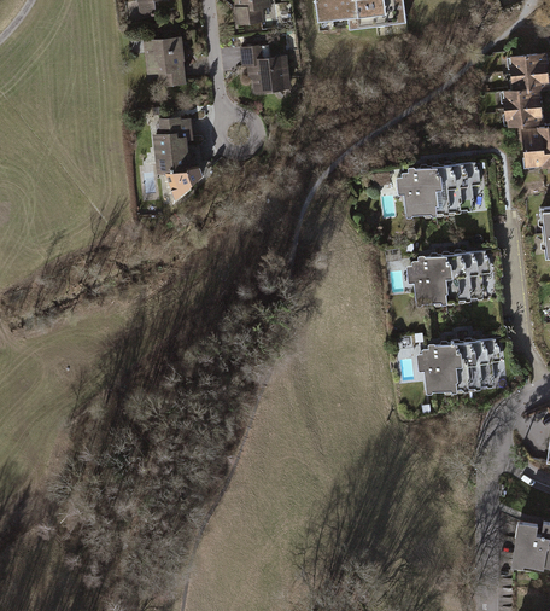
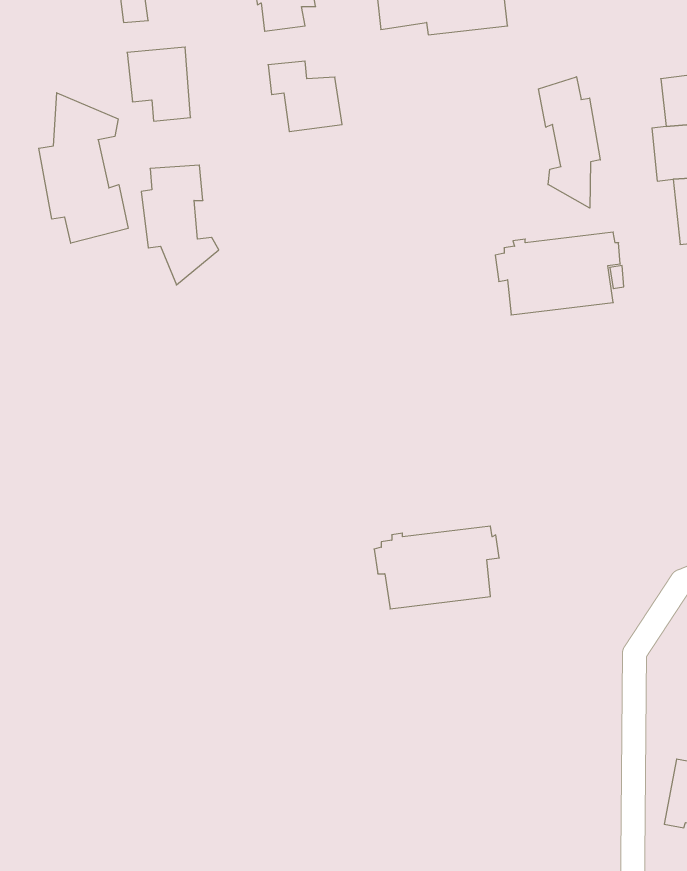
building: none -> [539,77,600,208]
building: none -> [39,93,128,243]
building: [404,249,490,307] -> none
building: [415,338,501,395] -> [374,526,499,609]

